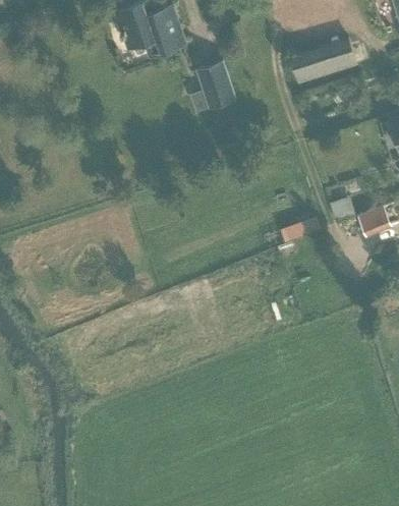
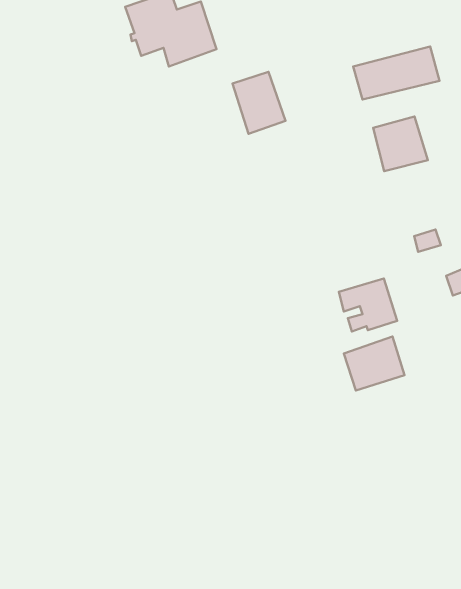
building: none -> [373,117,428,171]
building: none -> [344,337,405,390]

